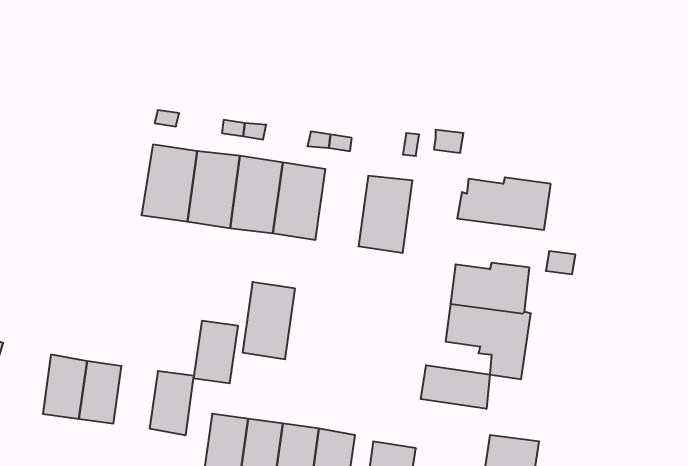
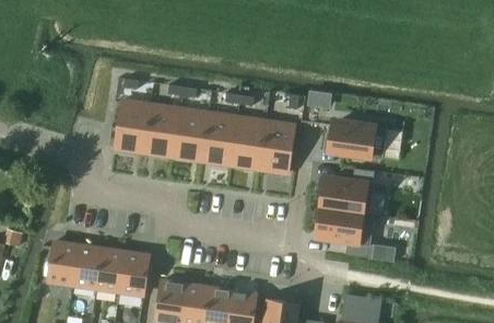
building: [243,282,295,359] -> [230,117,264,169]
building: [194,321,238,383] -> [95,249,125,290]
building: [421,365,490,409] -> none

